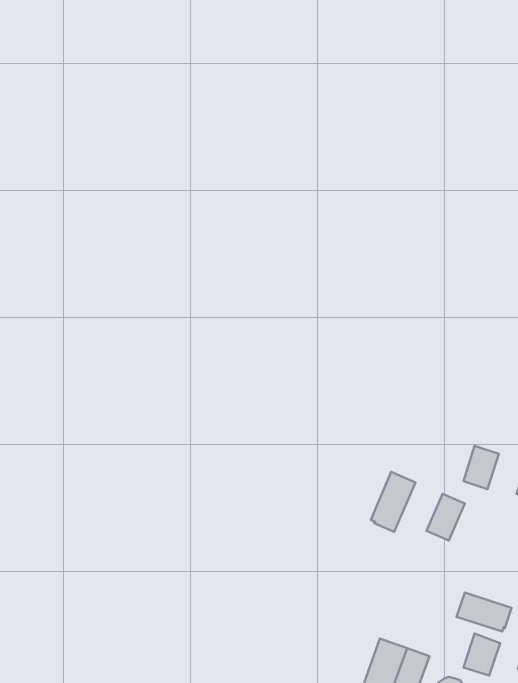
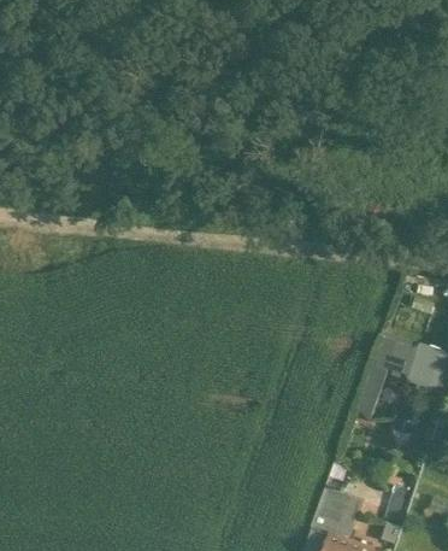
building: [371,472,416,532] -> none
building: [457,592,511,632] -> none

